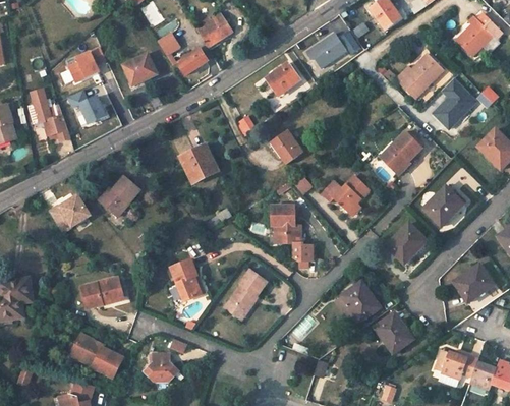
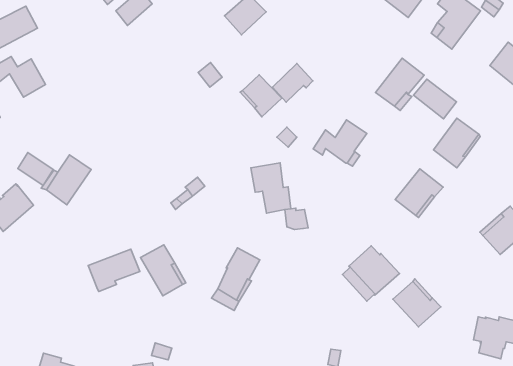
building: [122,54,156,84] -> none
building: none -> [272,63,313,102]
building: [181,144,217,182] -> none
building: none -> [413,79,457,119]
building: none -> [18,152,53,186]
building: [82,277,124,308] -> [88,249,140,292]

